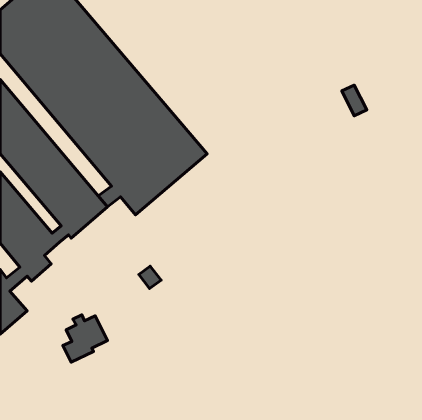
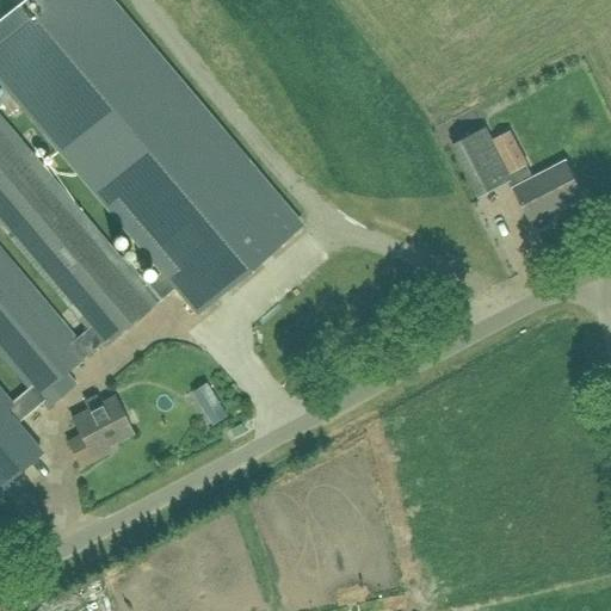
building: none -> [452,125,584,226]
building: [63,315,107,362] -> [68,394,132,462]

